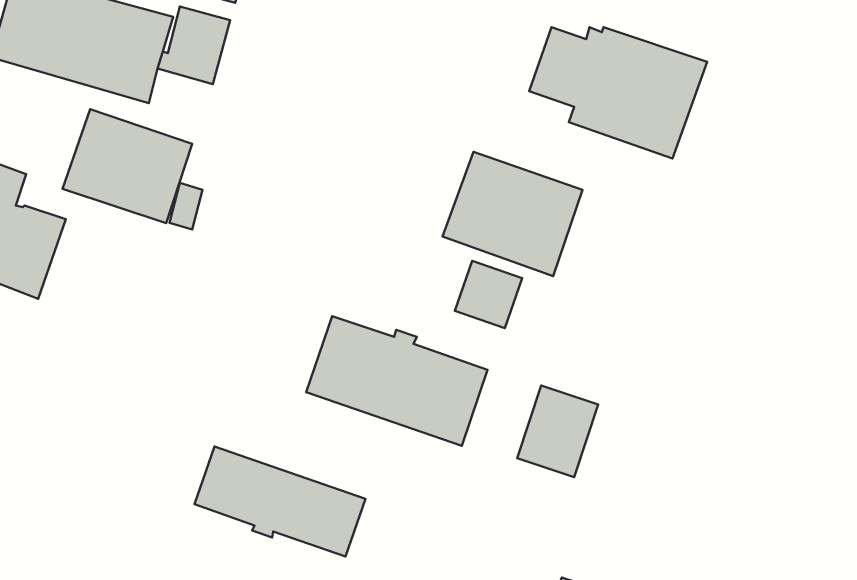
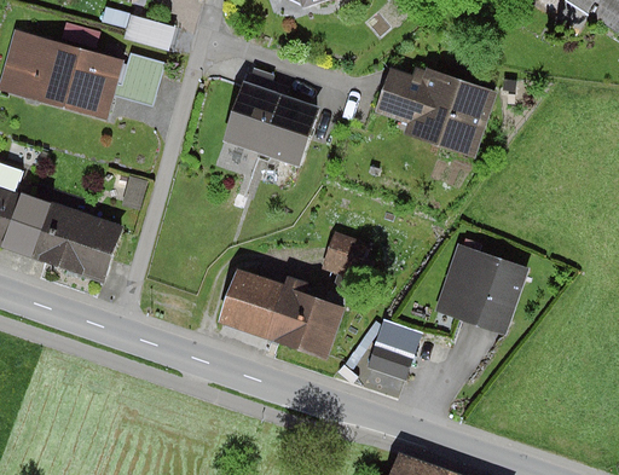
building: [62,109,192,223] -> [30,201,121,280]
building: [443,152,583,276] -> [221,80,319,167]
building: none -> [433,242,528,334]
building: [194,447,366,556] -> none

